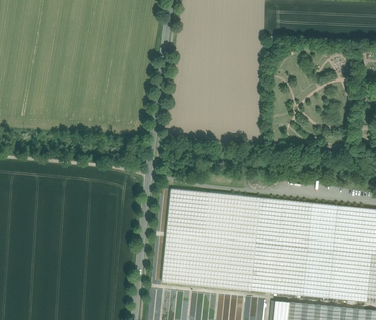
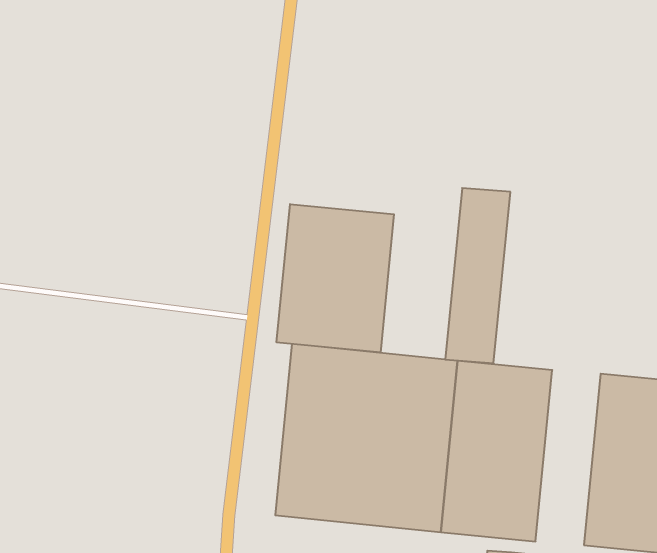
building: none -> [277,204,394,353]
building: [302,202,337,297] -> [445,188,510,363]

